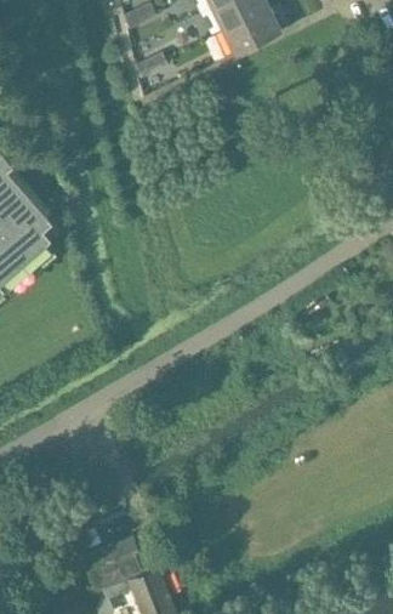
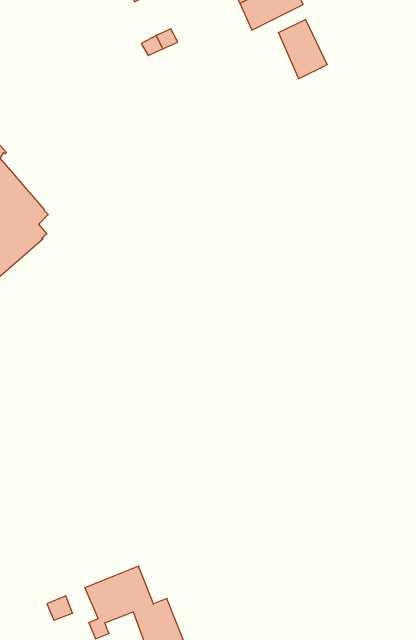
building: none -> [278,20,327,79]

